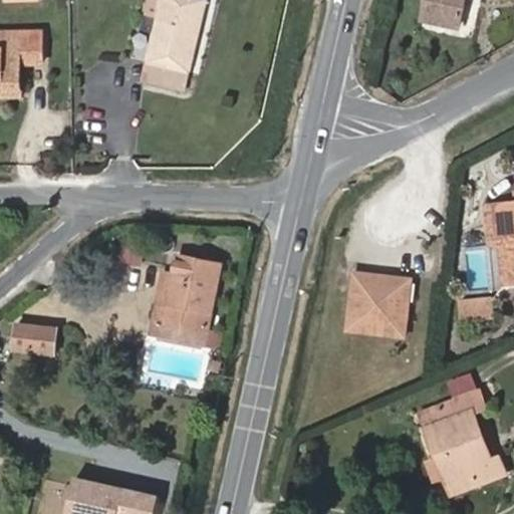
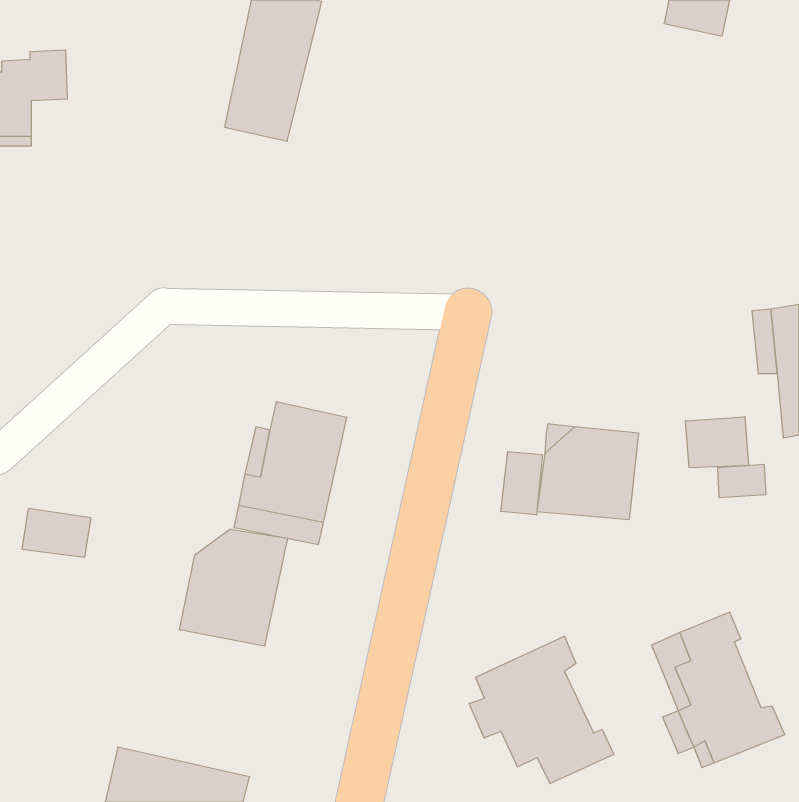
building: none -> [686,417,748,468]
building: none -> [501,452,542,515]
building: none -> [179,529,288,646]
building: none -> [469,636,614,784]

